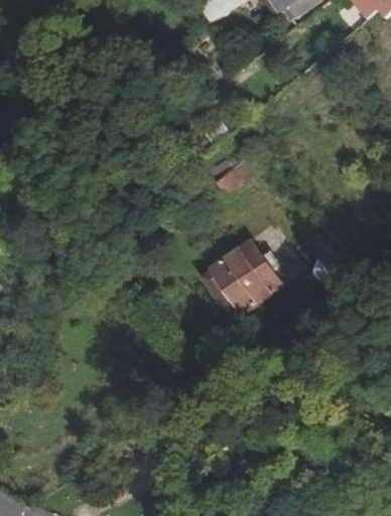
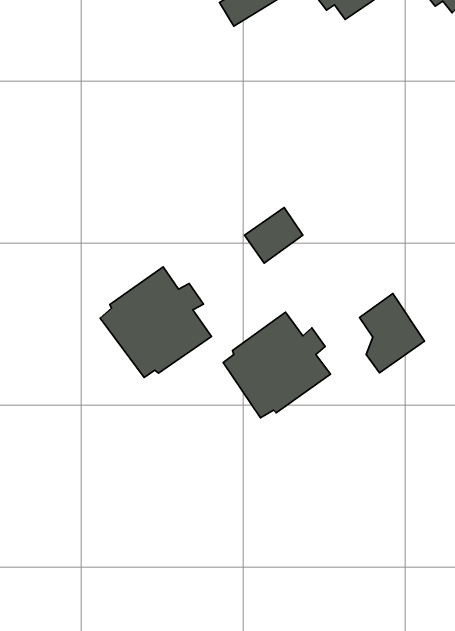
building: none -> [100,267,212,377]

